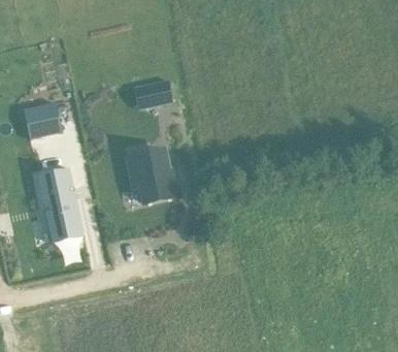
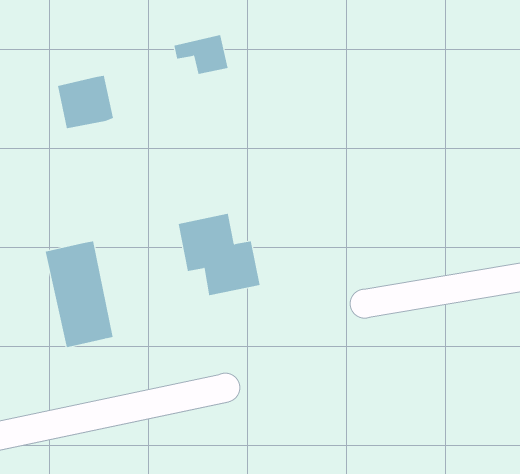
building: [134,79,171,106] -> [173,35,229,74]
building: [23,102,61,138] -> [57,75,114,129]

